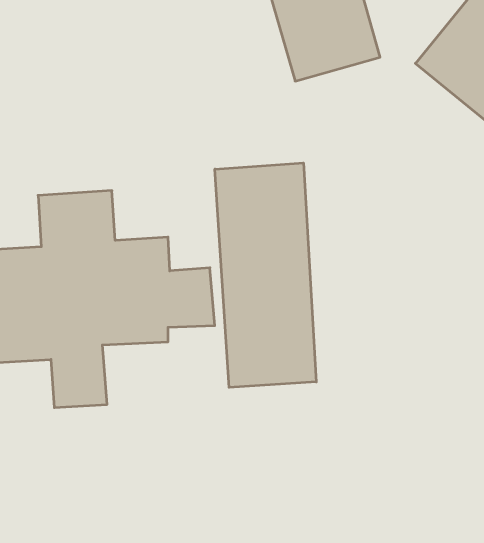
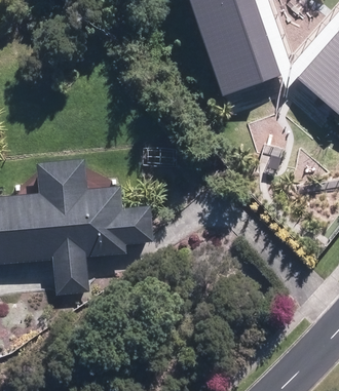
building: [215,163,316,387] -> none

